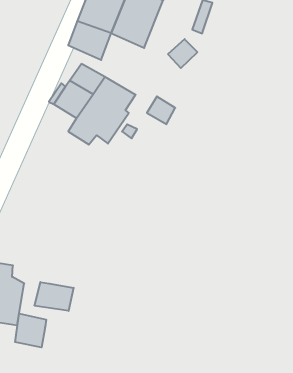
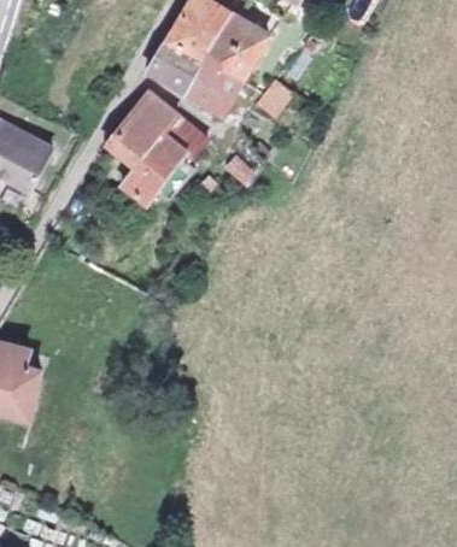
building: none -> [176,64,232,119]
building: [35,282,74,311] -> none
building: [15,314,46,347] -> none

